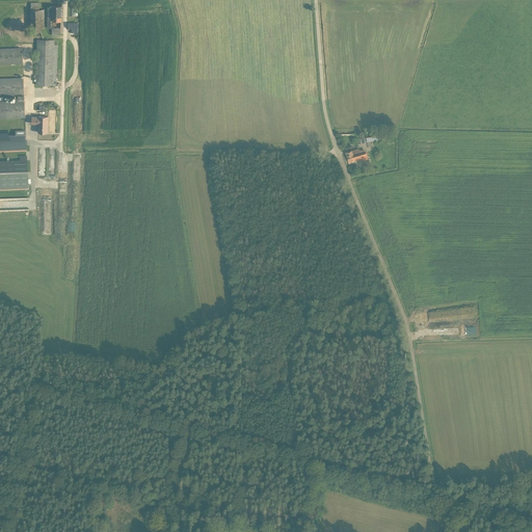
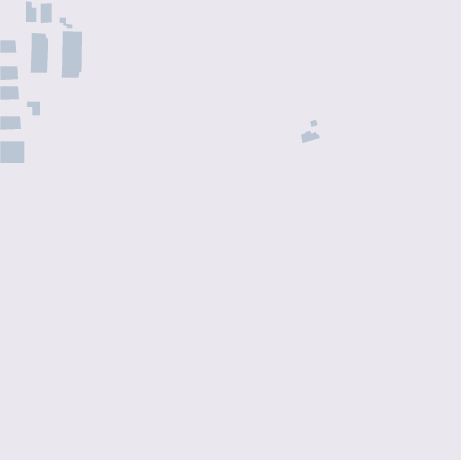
building: none -> [61,30,83,78]

